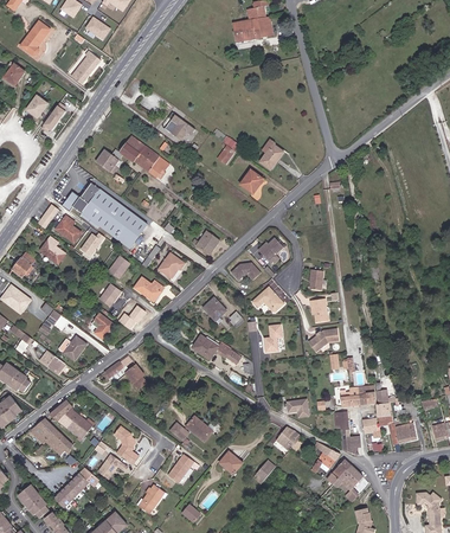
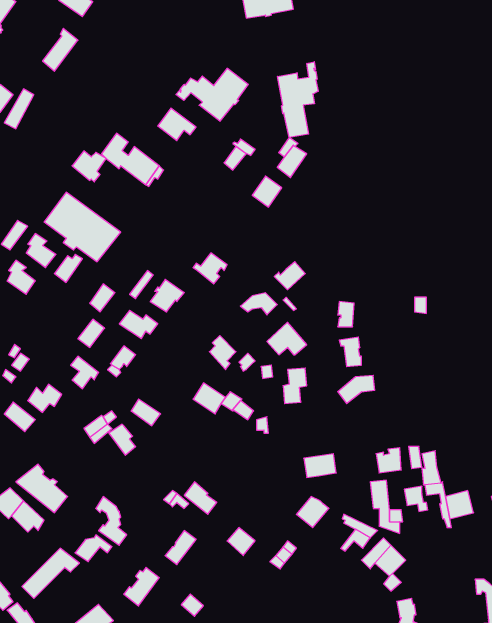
building: none -> [278,62,318,138]
building: none -> [176,68,248,121]
building: [115,213,147,248] -> none

